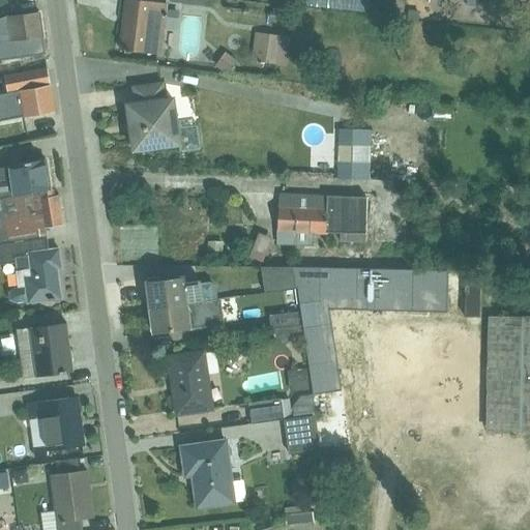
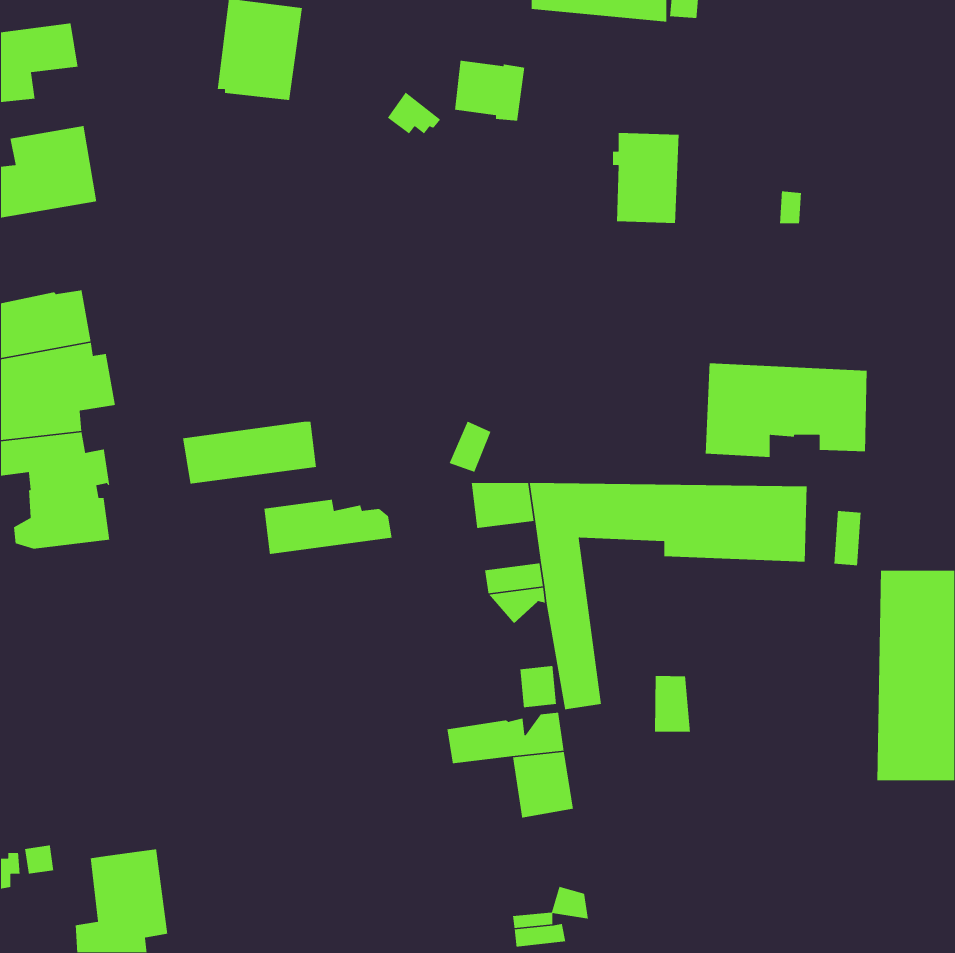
building: [127,83,181,150] -> none
building: [334,129,372,180] -> [612,132,680,224]
building: [276,194,366,246] -> [705,363,868,458]
building: [149,298,224,333] -> [182,421,317,484]
building: [17,323,73,380] -> none
building: [169,351,214,414] -> none
building: none -> [654,675,691,733]
building: [26,396,83,458] -> none
building: [181,440,246,507] -> none

